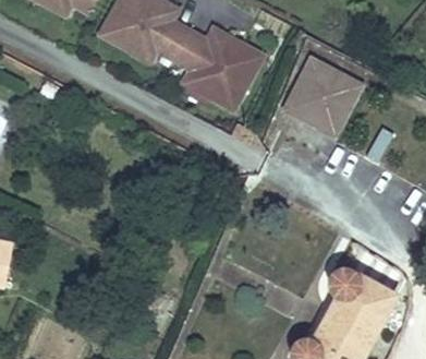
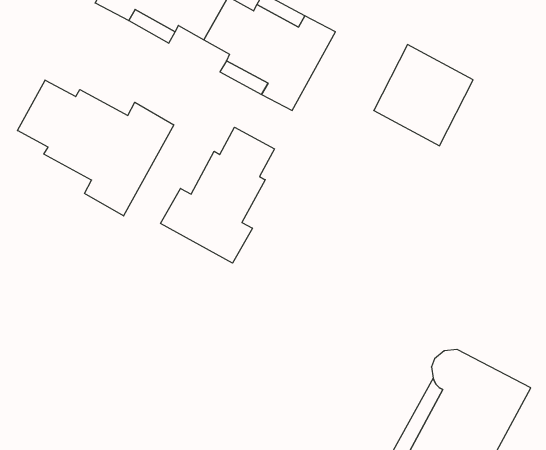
building: none -> [17,80,174,216]
building: none -> [161,127,274,263]

